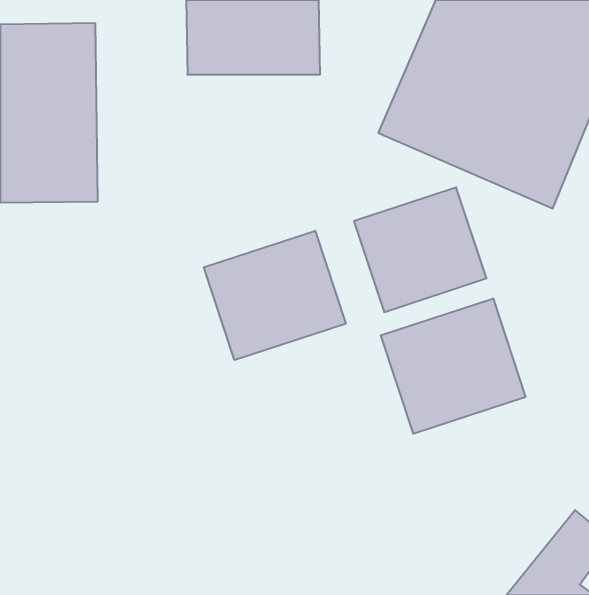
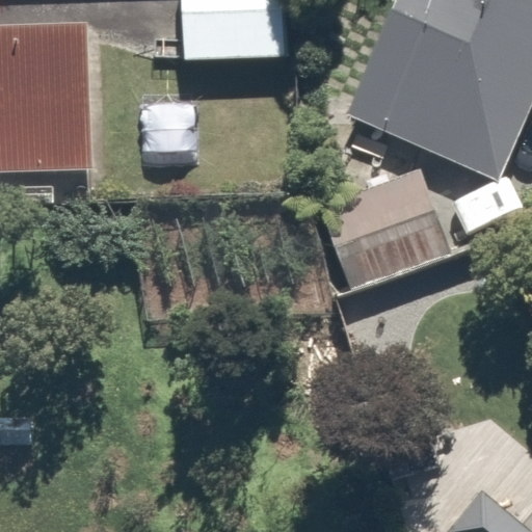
building: [204,231,346,360] -> none
building: [381,298,526,434] -> none

